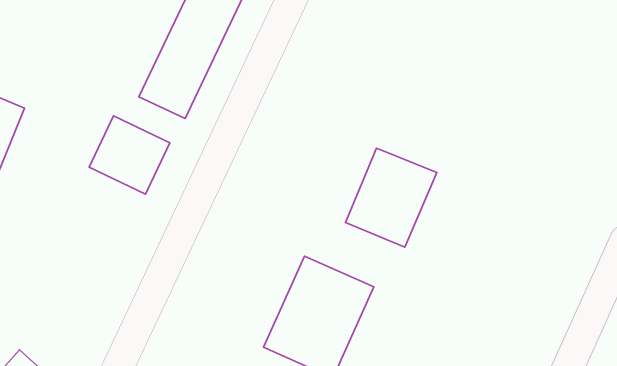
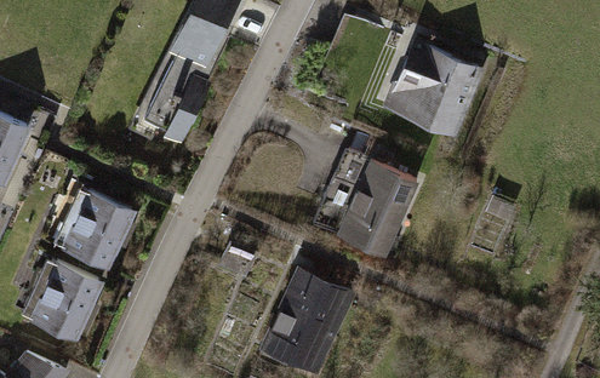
building: none -> [385,42,481,138]
building: [89,116,170,194] -> [56,189,132,263]
building: none -> [23,262,99,334]

